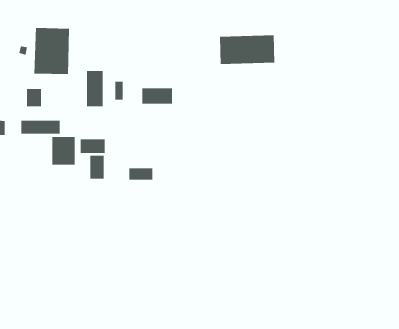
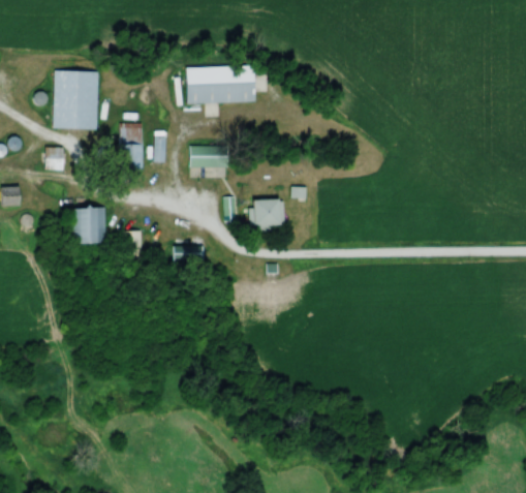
building: [219,35,275,64] -> [184,66,254,103]
building: [21,120,60,134] -> none
building: none -> [250,199,284,227]
building: [80,138,105,154] -> none

